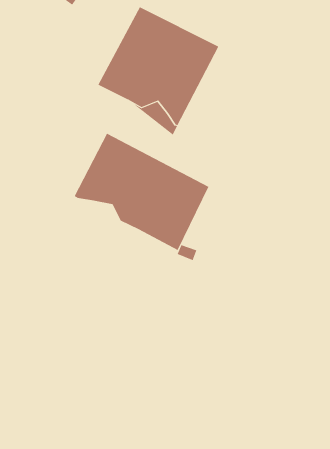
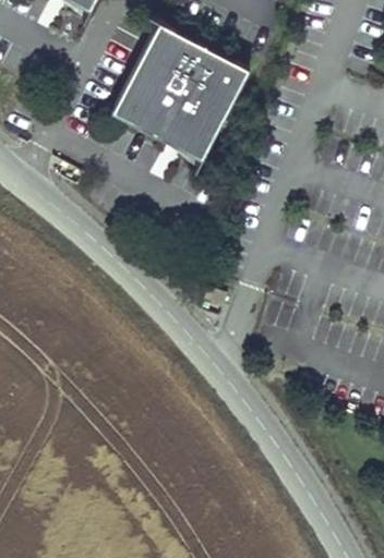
building: [74,133,209,251] -> none

